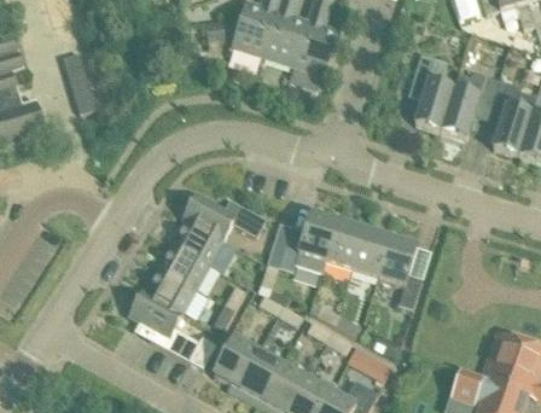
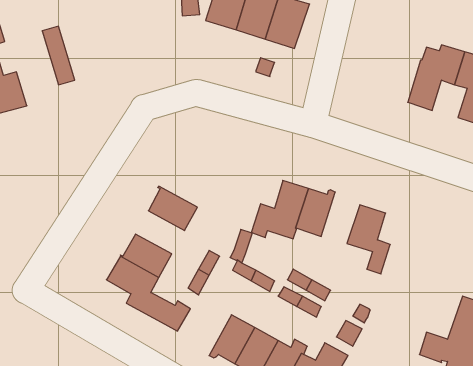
building: [409,56,453,132] -> none
building: [182,194,266,240] -> none
building: [350,225,390,278] -> none
building: [158,244,209,289] -> none
building: [213,337,257,394] -> none

